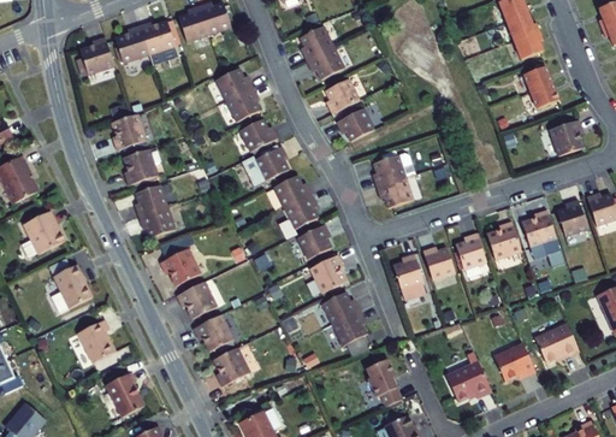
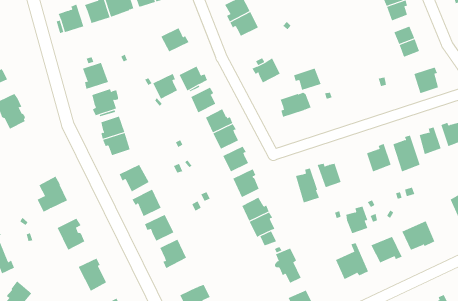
building: [326,78,360,113] -> none
building: [226,87,260,122] -> [152,73,178,99]
building: [377,177,414,207] -> [293,68,321,91]
building: [23,209,66,256] -> none
building: [456,231,486,268] -> [345,205,368,234]

